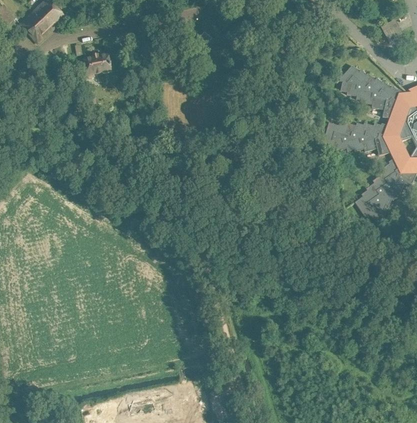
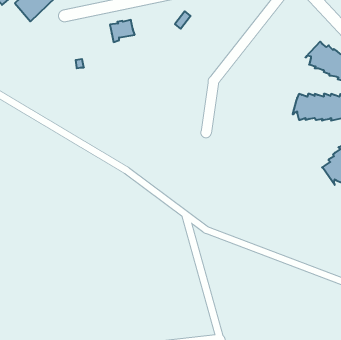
building: [84,53,111,77] -> [110,20,135,42]

